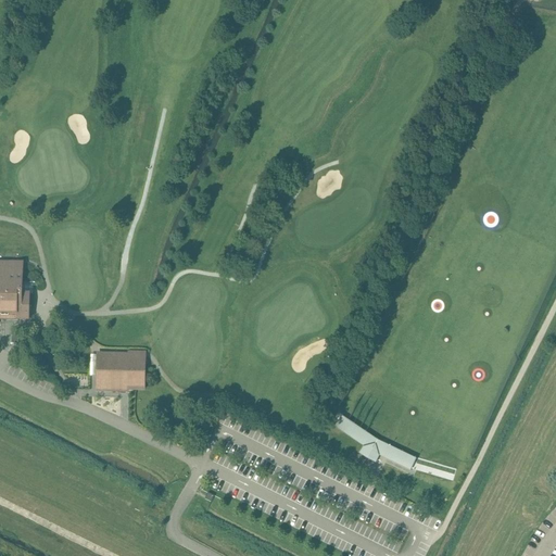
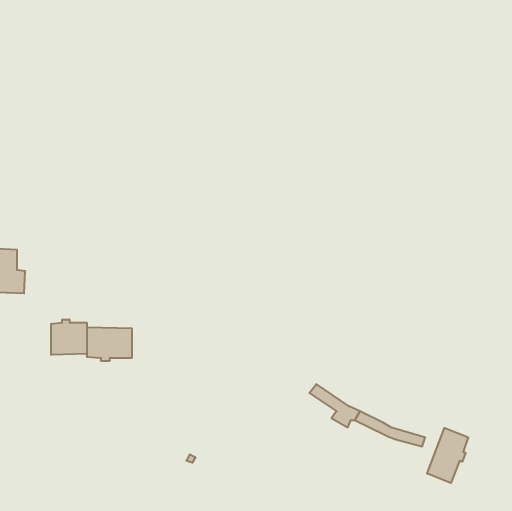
building: none -> [51,319,87,355]
building: none -> [427,428,468,483]

